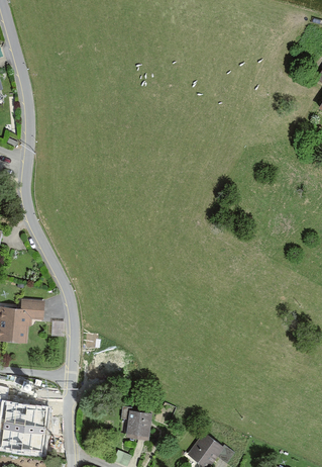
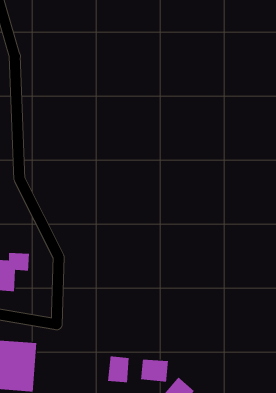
building: none -> [141,359,168,382]

